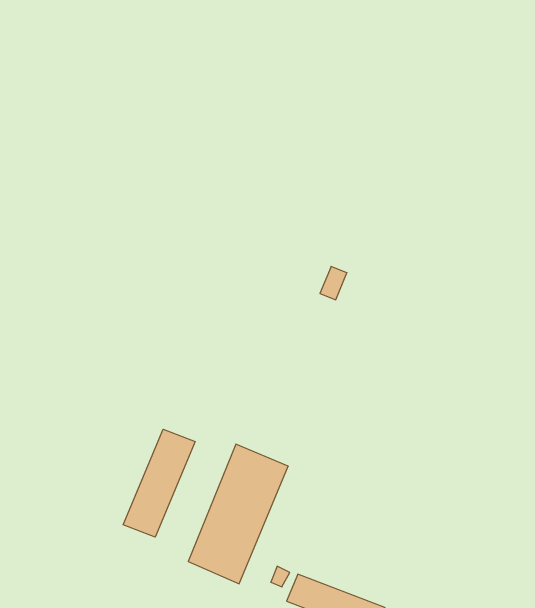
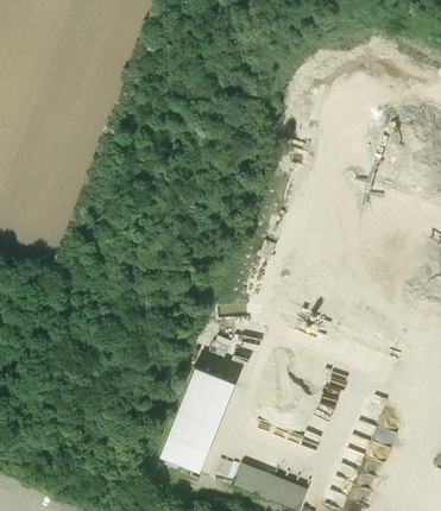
building: [123,429,195,537] -> none

